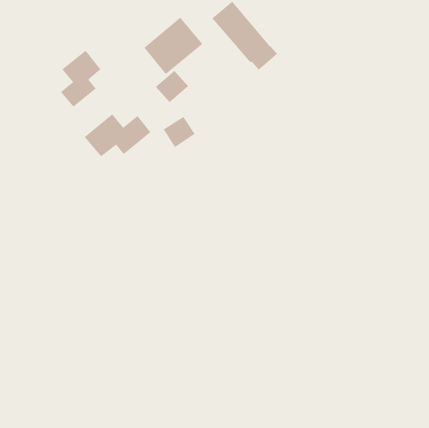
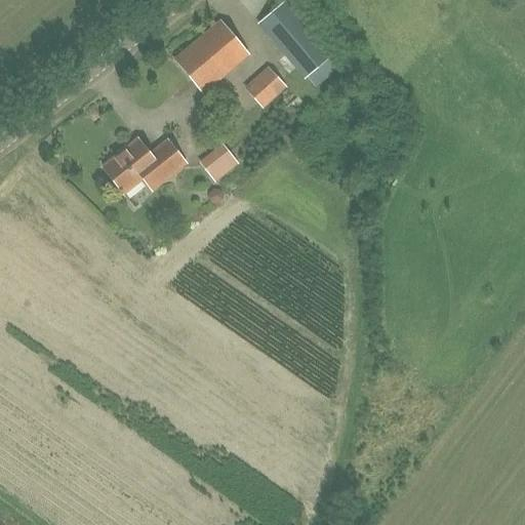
building: [60,50,101,108] -> none
building: [155,70,189,103] -> [245,67,286,107]

